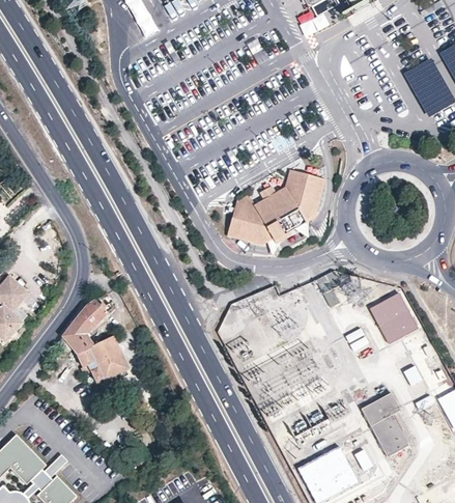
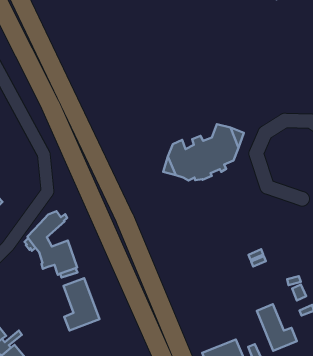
building: [369,291,418,343] -> none
building: none -> [63,278,100,331]

